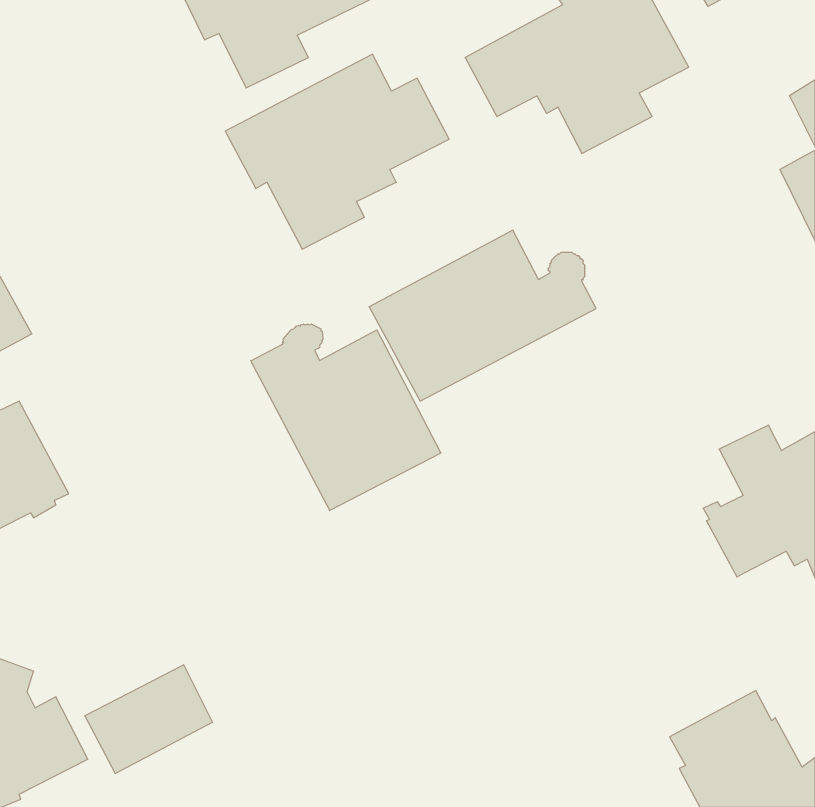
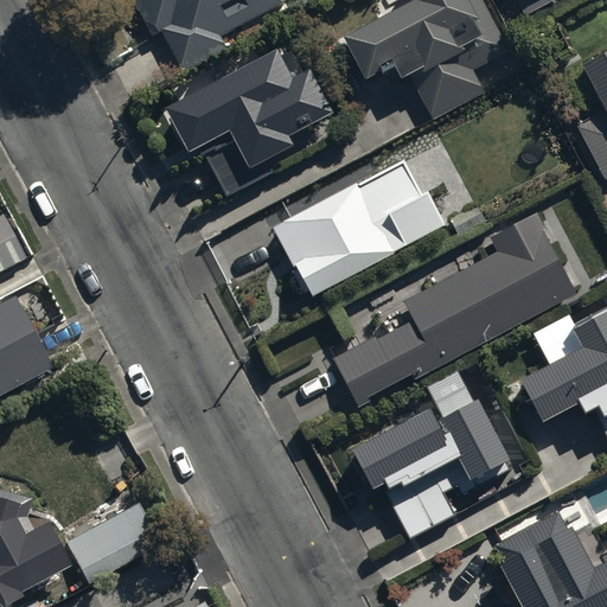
building: none -> [336,212,579,407]
building: [251,324,441,511] -> none
building: none -> [357,405,515,537]

